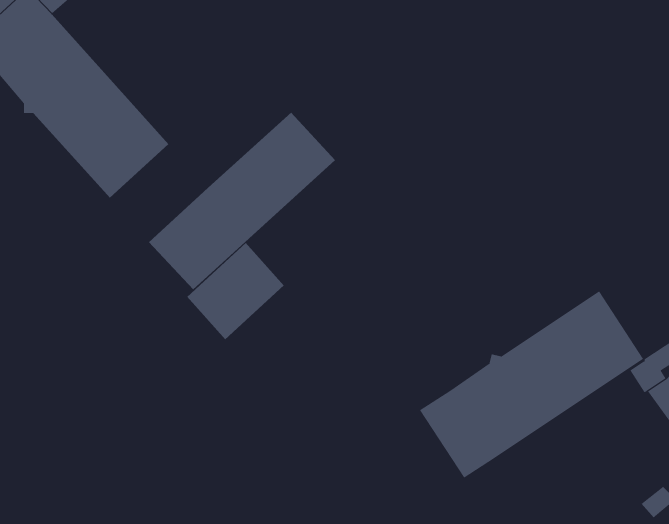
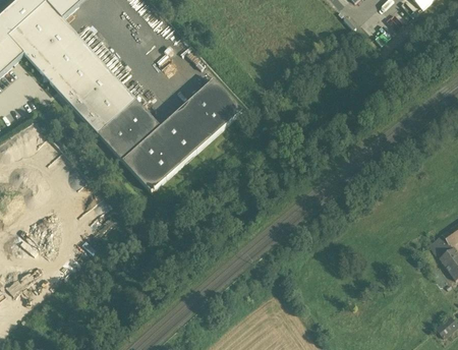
building: [187,242,284,340] -> [98,99,160,161]
building: [419,291,644,478] -> none

